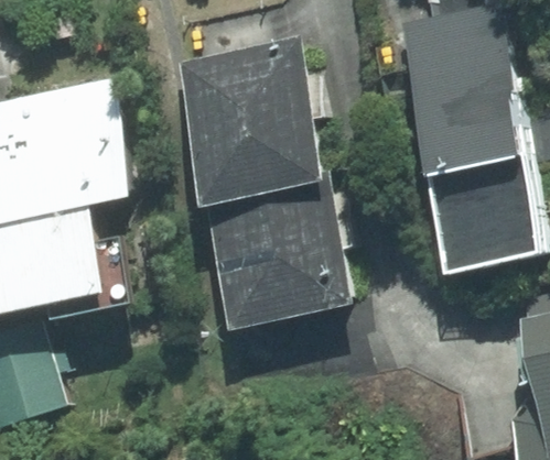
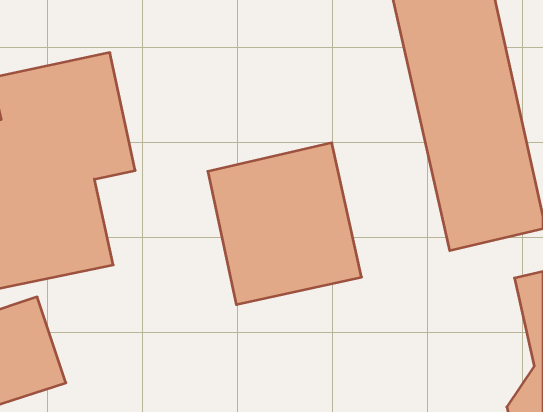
building: [180,35,334,196] -> none

